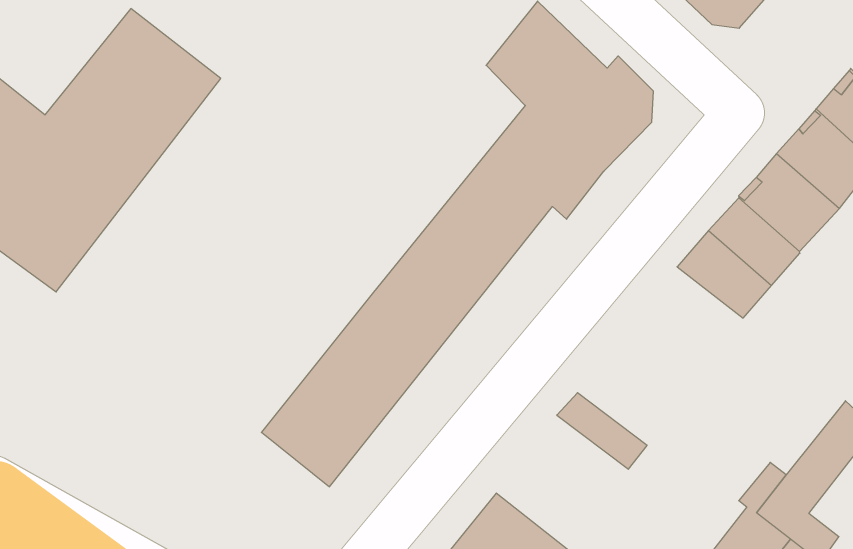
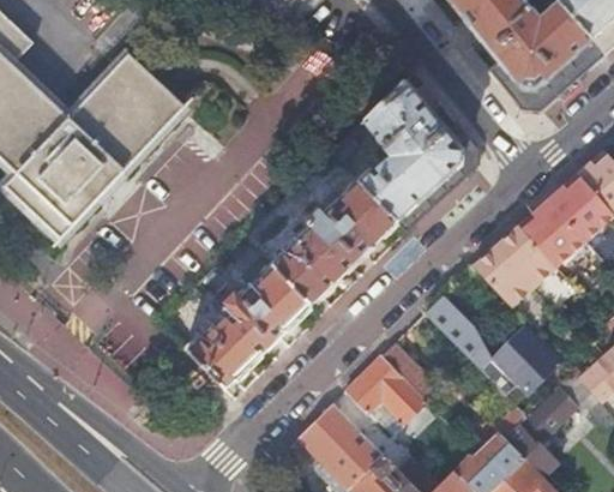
building: none -> [426,296,561,395]
building: none -> [347,356,426,421]

